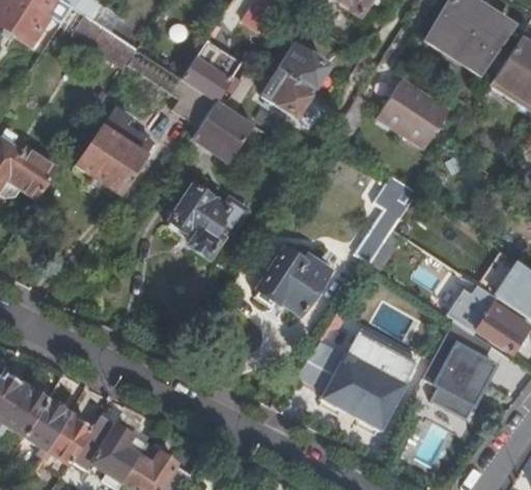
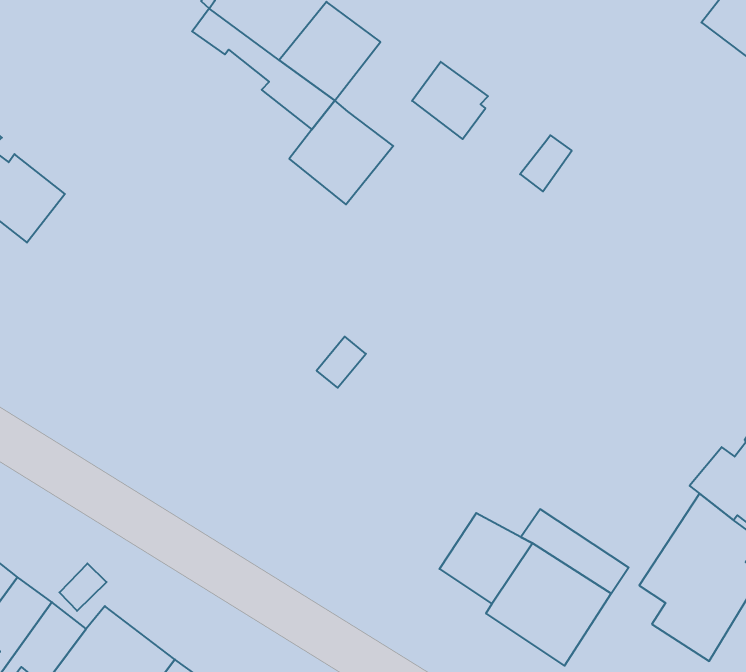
building: [279,46,327,89] -> none
building: [380,81,449,146] -> none
building: [77,126,147,193] -> none
building: [358,173,418,260] -> none
building: [170,186,247,257] -> none
building: [256,249,329,315] -> none

